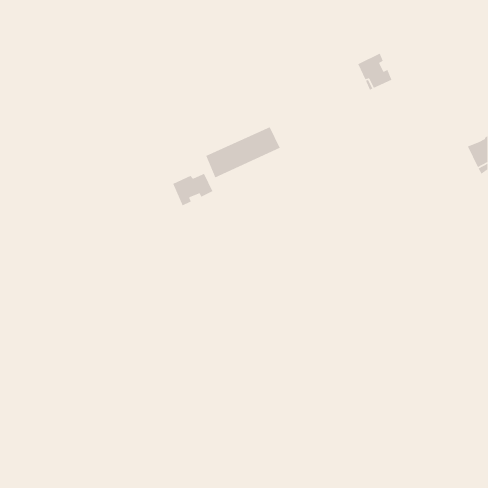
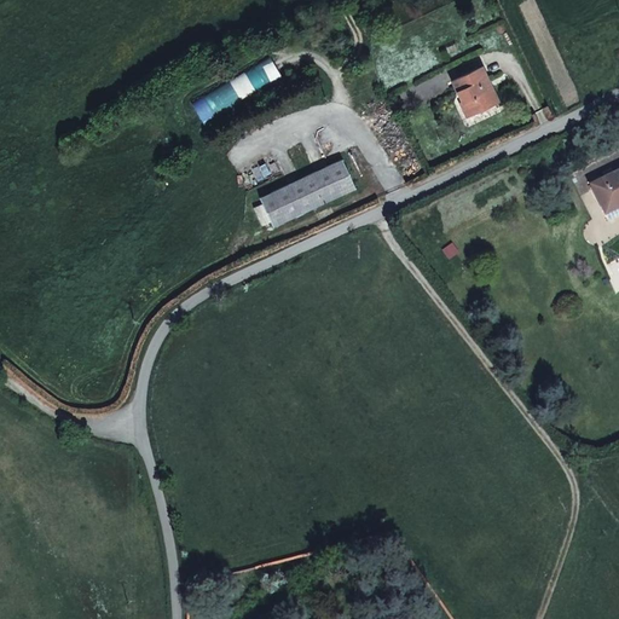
building: [172,173,213,207] -> none

